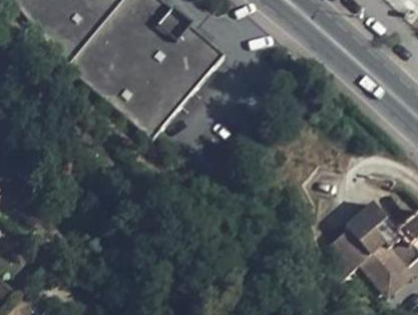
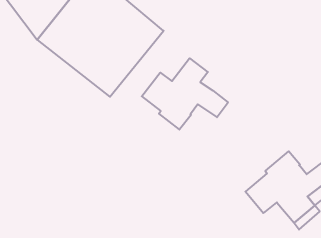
building: none -> [142,58,228,130]

